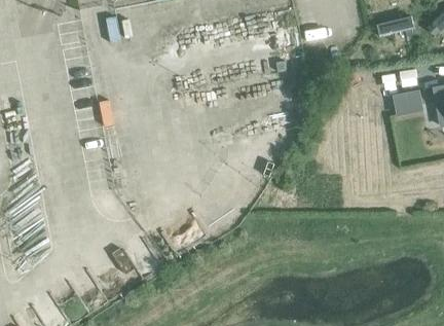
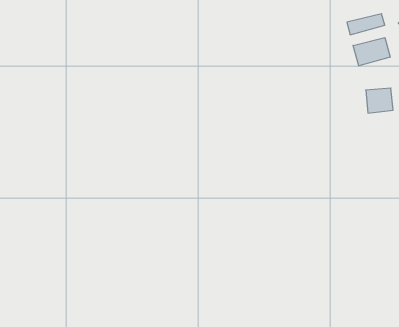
building: none -> [353,38,390,66]

